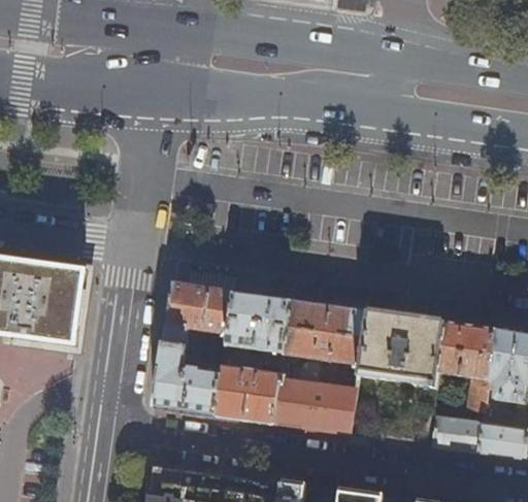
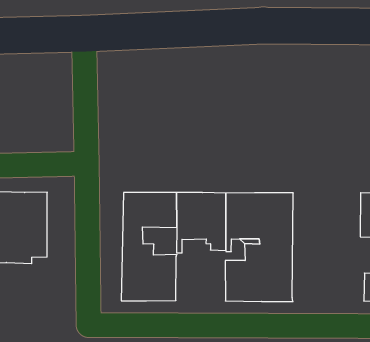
building: [350,310,444,439] -> none
building: [216,365,279,424] -> none

